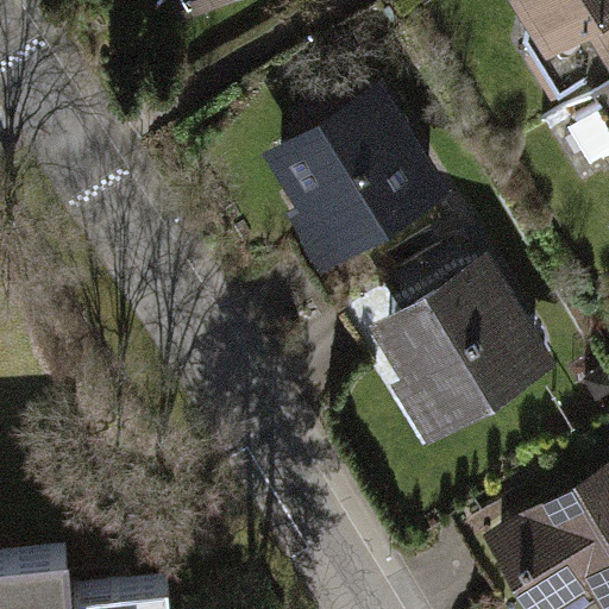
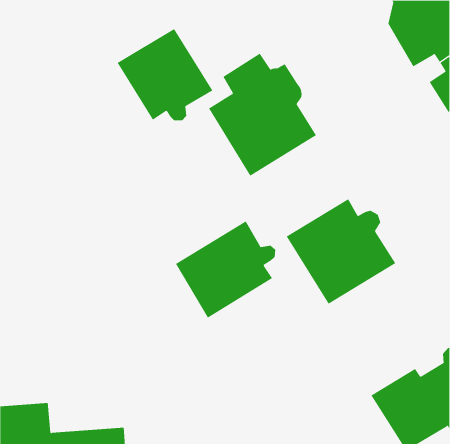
building: none -> [117,28,213,121]
building: none -> [175,221,276,318]

